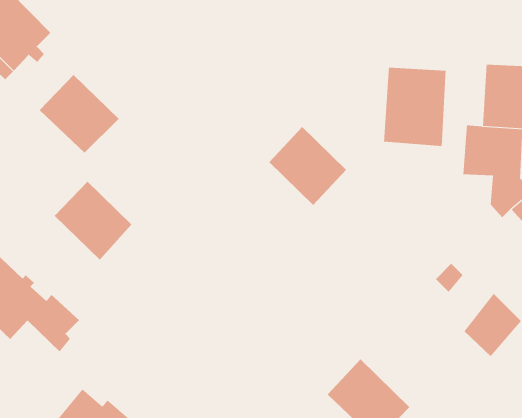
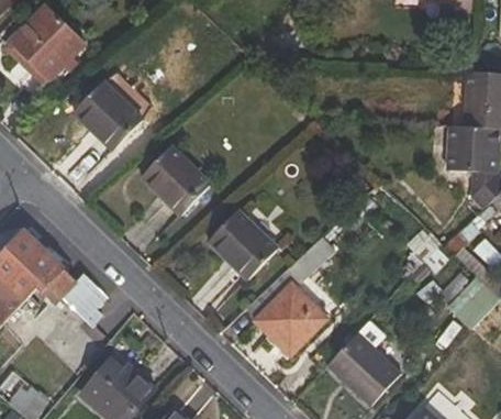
building: [383,67,446,147] -> none
building: [268,126,347,206] -> [208,209,277,279]
building: [54,181,132,260] -> [141,145,210,216]
building: none -> [247,263,329,355]

